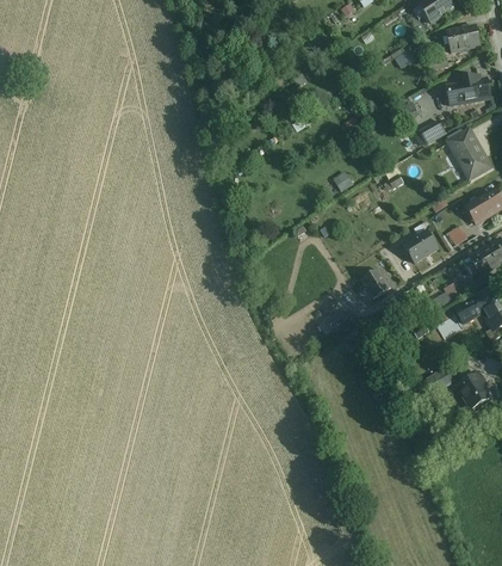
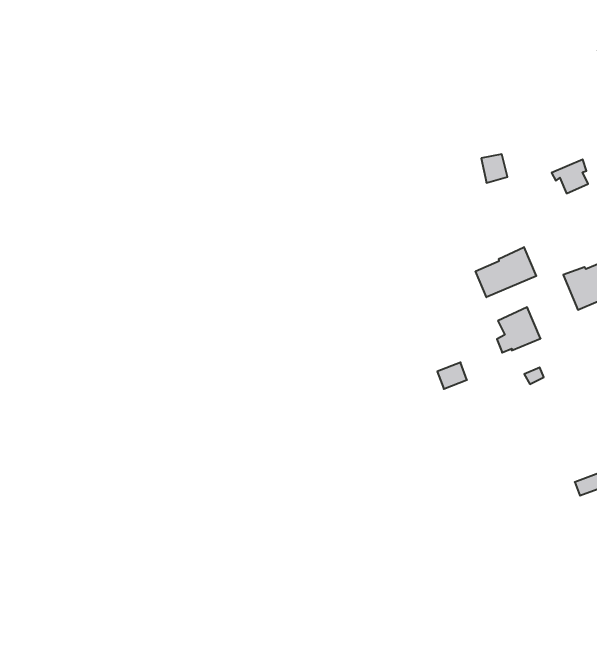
building: none -> [476,247,536,297]

